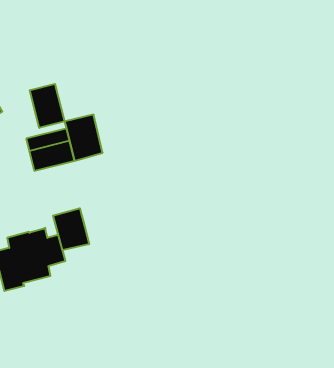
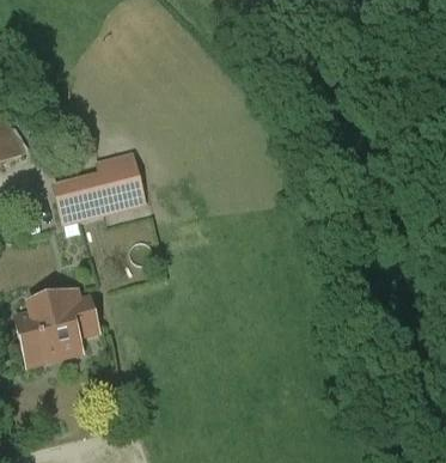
building: [30,84,64,128] -> none
building: [53,208,89,250] -> none

